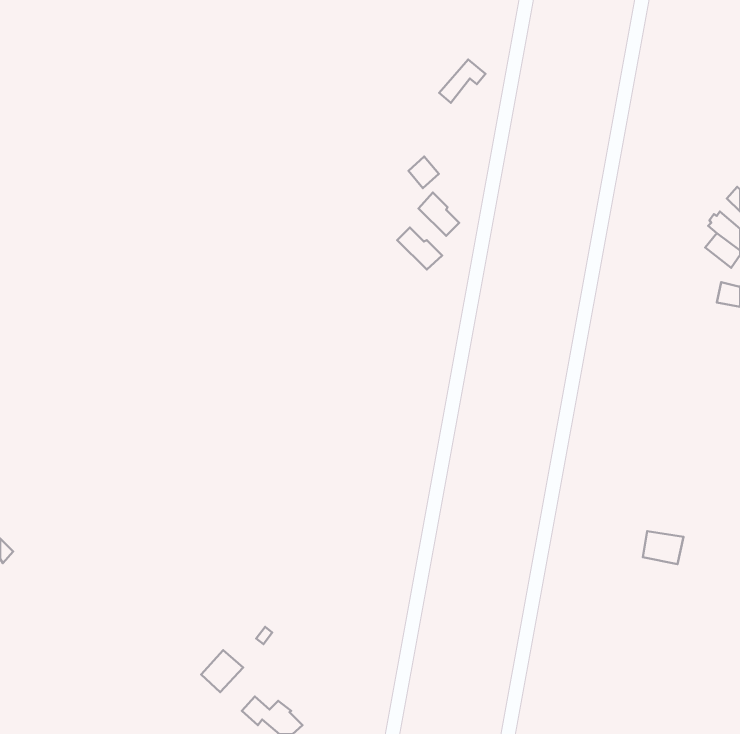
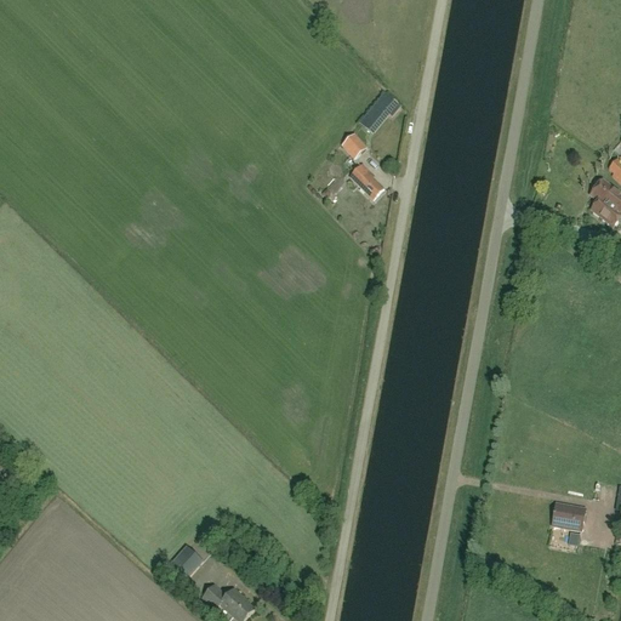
building: [439,60,486,103] -> [361,92,400,129]
building: [397,227,442,270] -> none
building: [643,531,683,564] -> [552,501,586,529]

